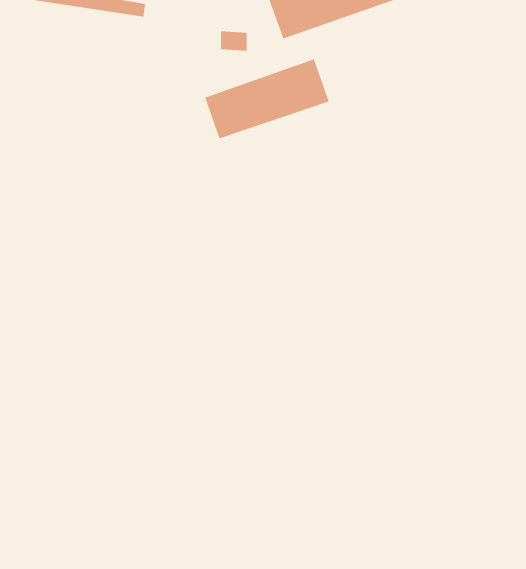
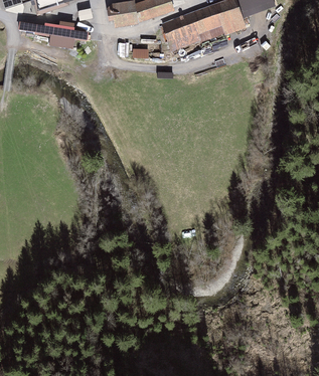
building: [204,58,330,139] -> none

